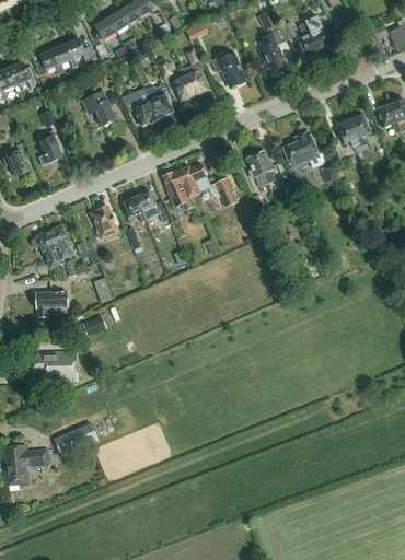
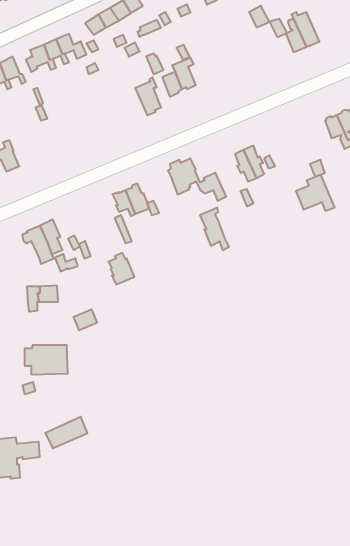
building: [258,33,284,71] -> none
building: [210,52,245,88] -> none
building: [123,89,158,124] -> none
building: [83,91,118,126] -> none
building: [39,129,62,164] -> none
building: [284,131,323,167] -> [296,175,335,211]
building: [163,168,193,211] -> [200,208,229,250]
building: [92,207,118,238] -> [108,253,134,284]

